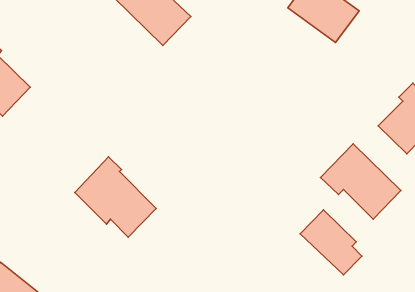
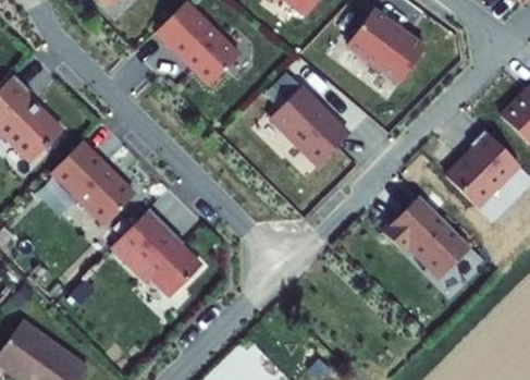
building: none -> [269,87,348,166]
building: none -> [51,142,133,225]
building: [300,210,362,275] -> none

